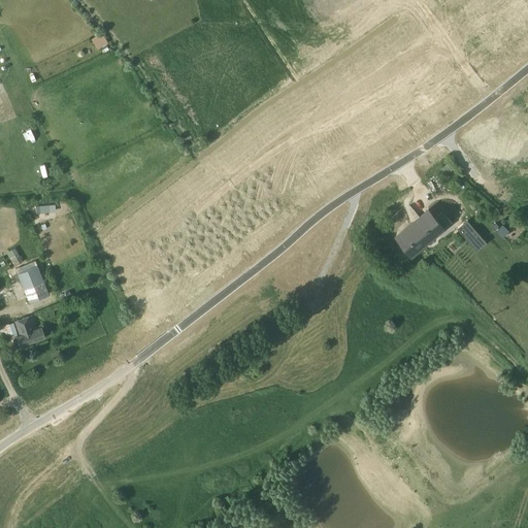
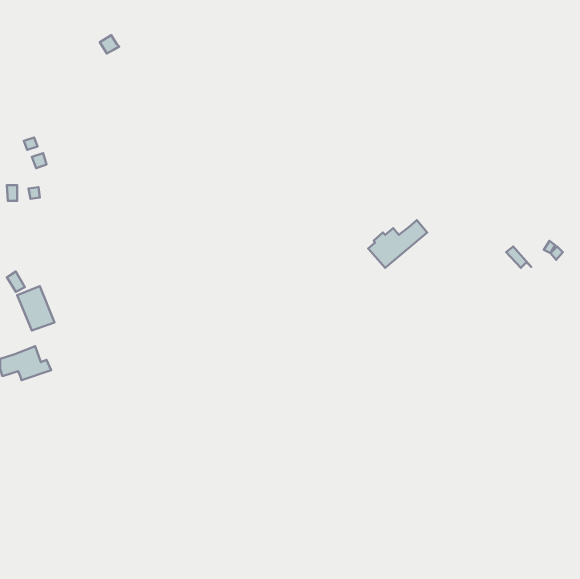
building: [397,211,451,255] -> [368,220,427,268]

